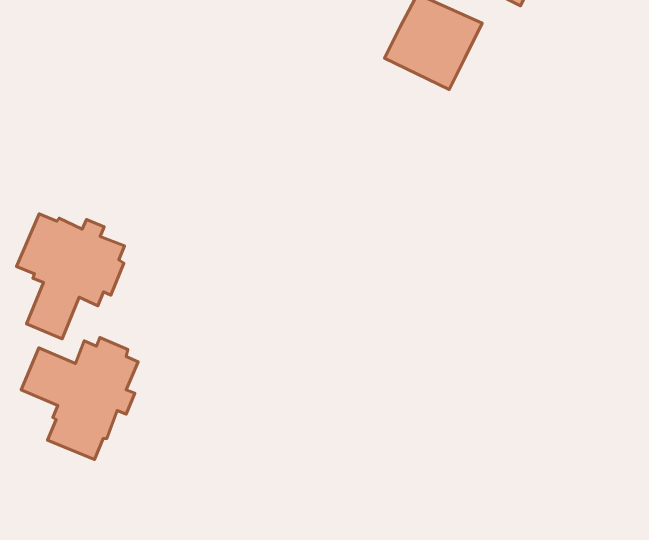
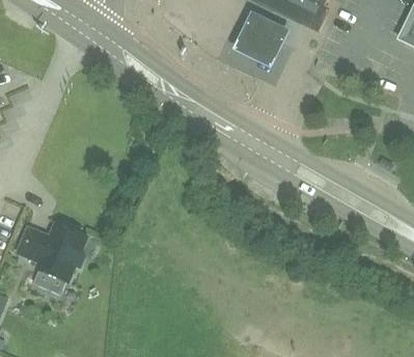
building: [17,214,124,339] -> none

